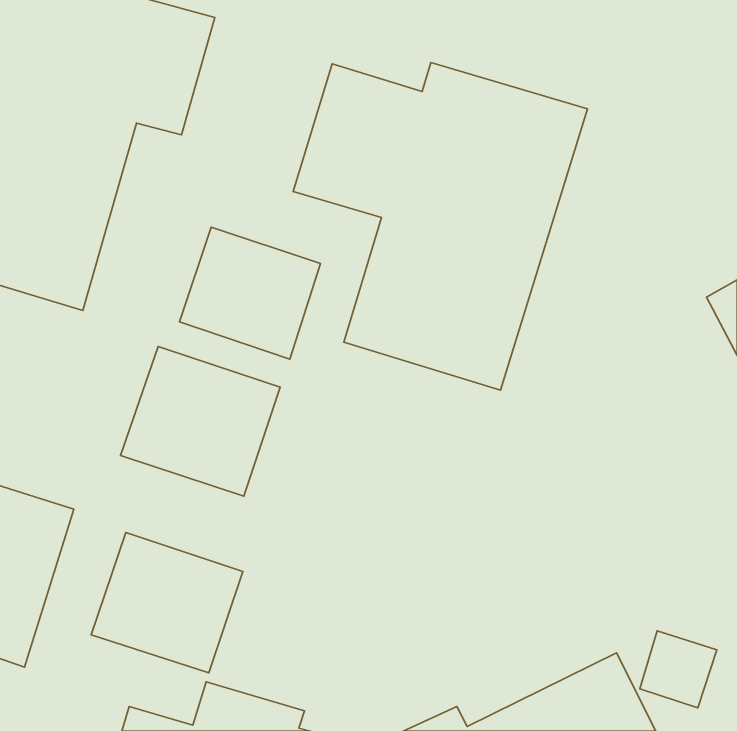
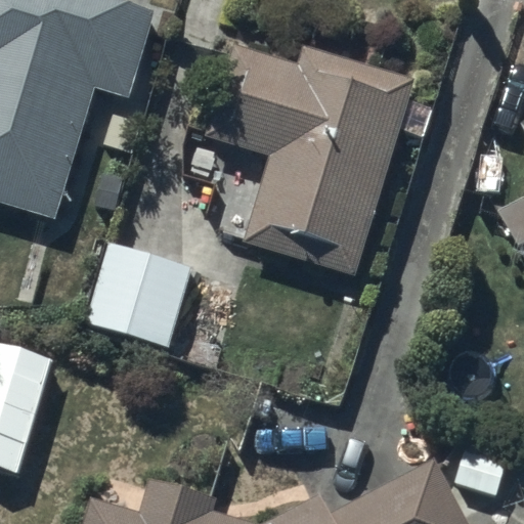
building: [180,227,320,359] -> none
building: [91,532,243,673] -> none

